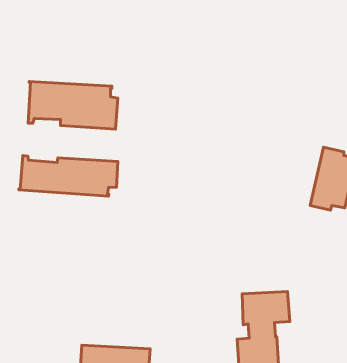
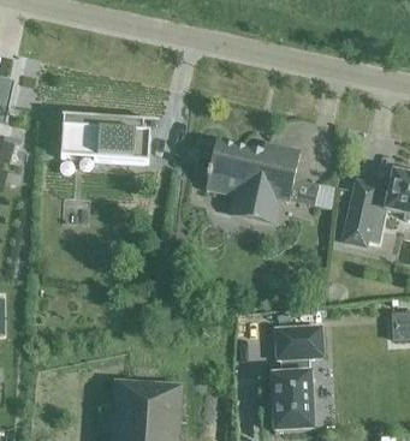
building: none -> [206,143,314,220]
building: [19,156,118,196] -> none

